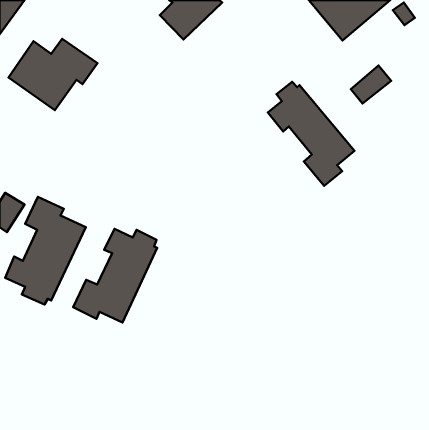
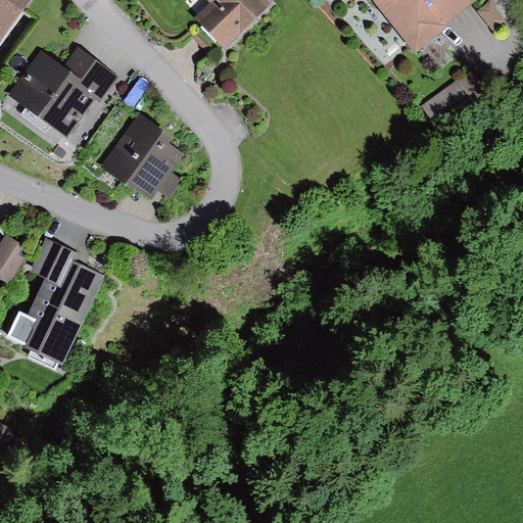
building: [268,82,354,186] -> none
building: none -> [100,113,183,200]
building: [73,229,157,322] -> none

